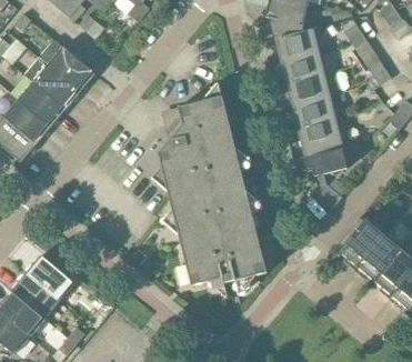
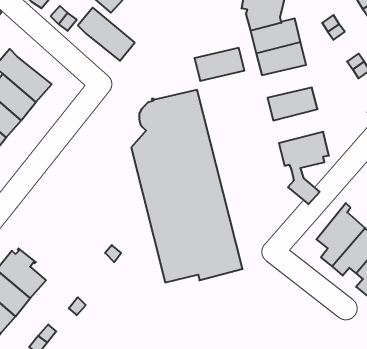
building: [39,39,94,91] -> [78,8,135,61]
building: [285,72,334,104] -> [194,48,244,81]
building: [297,115,345,149] -> none

